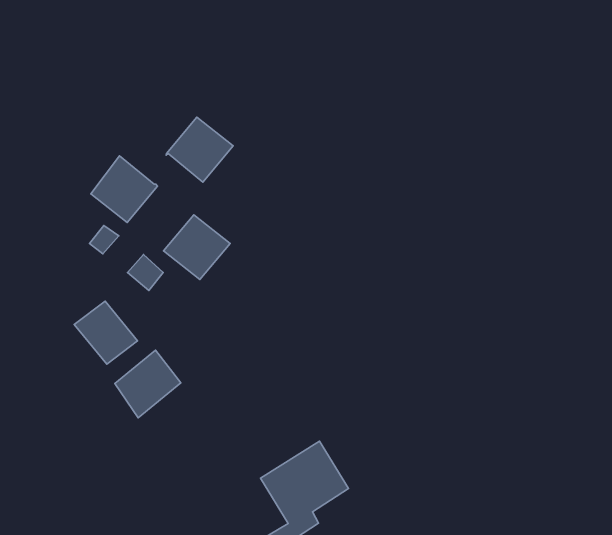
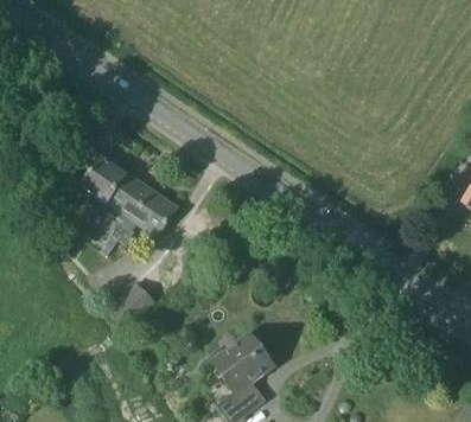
building: [166,117,233,182] -> [108,174,152,217]
building: [74,301,138,364] -> none

